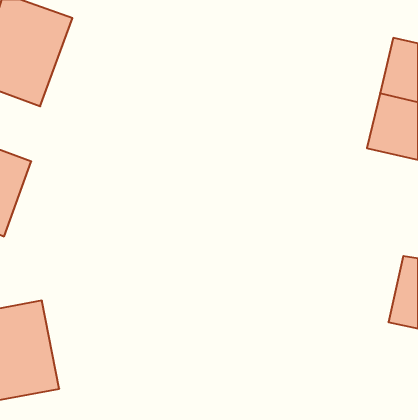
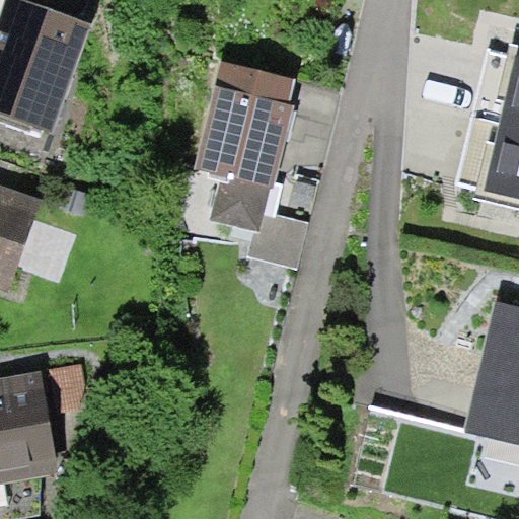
building: none -> [187,65,321,231]

